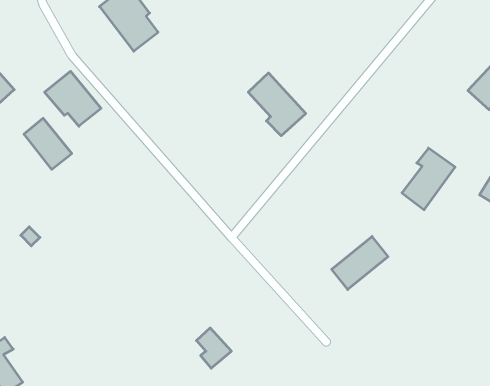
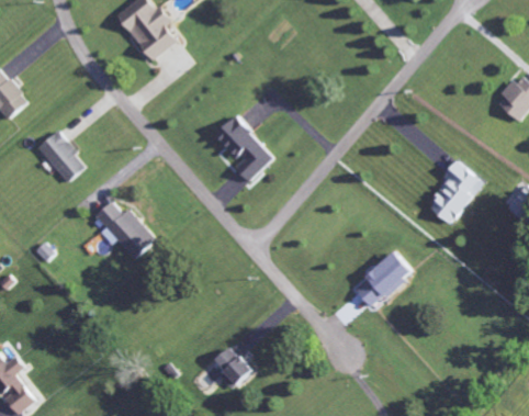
building: [45,71,101,126] -> none
building: [248,73,306,136] -> [214,116,273,181]
building: none -> [94,202,156,260]

